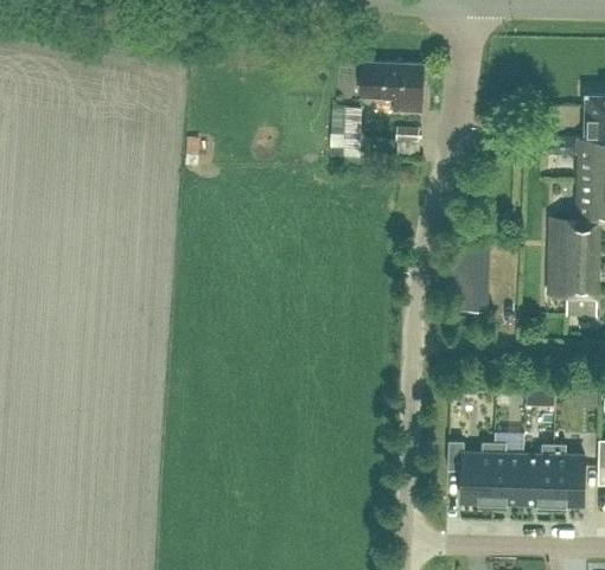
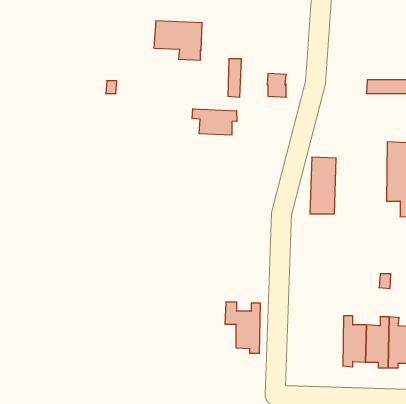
building: [359,62,422,113] -> [154,21,202,60]
building: none -> [192,109,237,135]
building: [447,442,493,508] -> [225,302,260,353]

